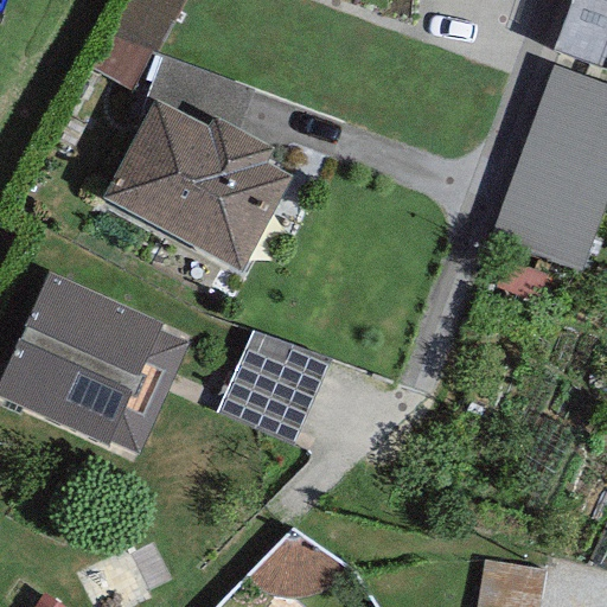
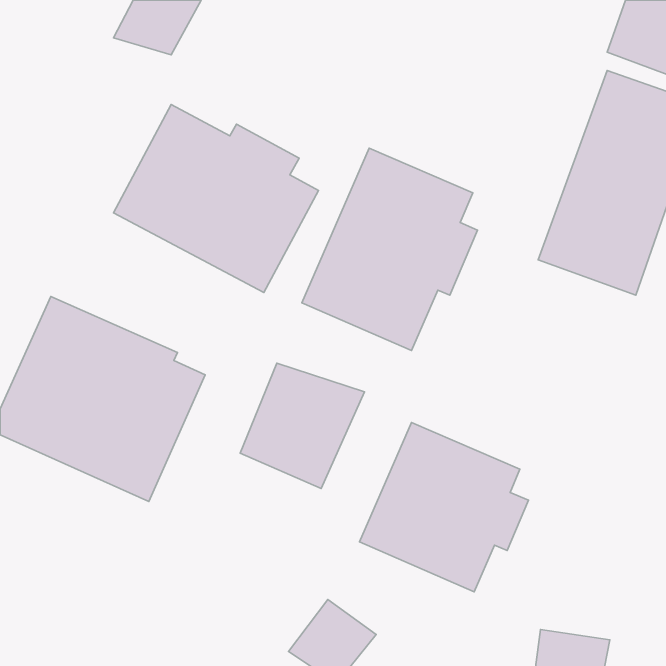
building: none -> [302,148,478,351]
building: none -> [360,423,528,592]

